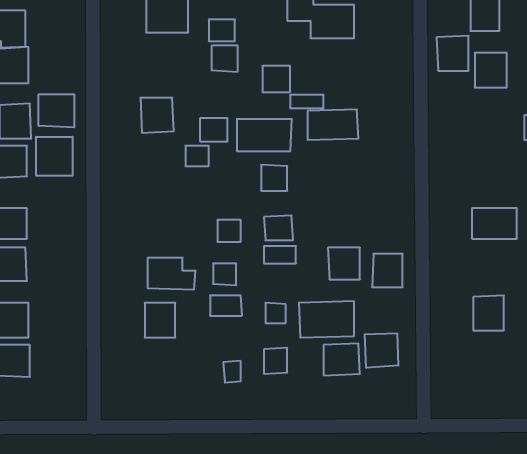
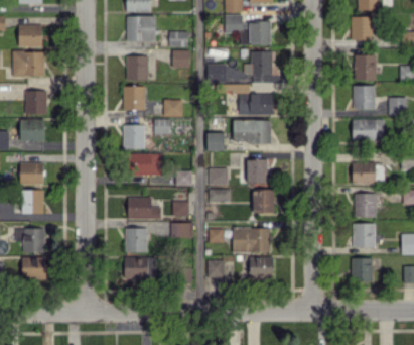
building: [437,36,469,71] -> [353,85,375,109]
building: none -> [244,51,272,75]
building: none -> [127,55,148,80]
building: [39,94,74,127] -> none
building: [237,119,292,151] -> [234,120,272,142]
building: [36,137,73,176] -> none
building: none -> [353,118,385,141]
building: none -> [124,124,145,149]
building: none -> [127,153,162,175]
building: none -> [355,193,377,217]
building: [372,254,403,287] -> [247,159,268,183]
building: [365,333,398,368] -> none
building: none -> [125,257,148,277]
building: none -> [352,257,373,281]

